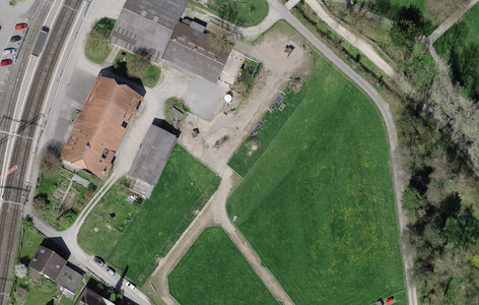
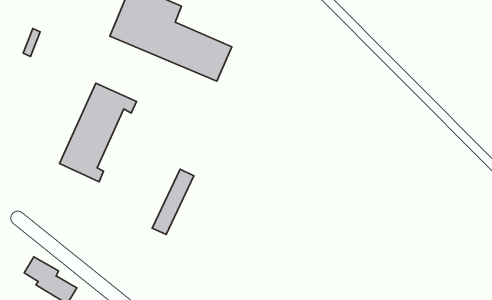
building: [132,131,172,193] -> [152,169,194,235]

